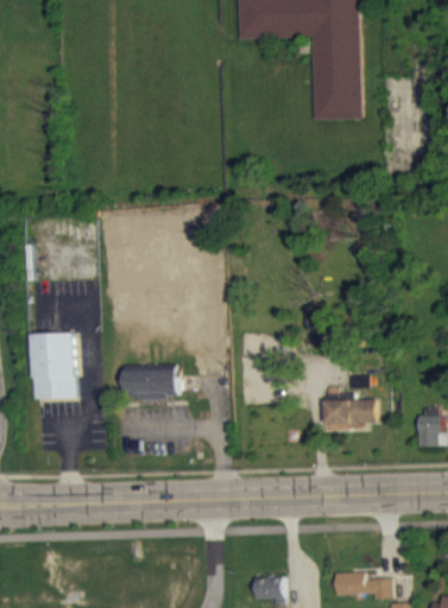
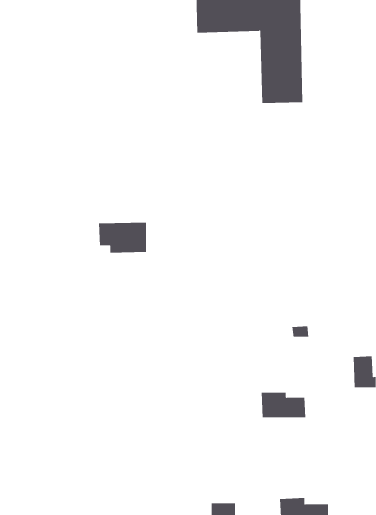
building: [30,335,72,401] -> none
building: [121,366,177,401] -> [98,222,147,253]
building: [321,395,373,425] -> [261,392,306,418]

